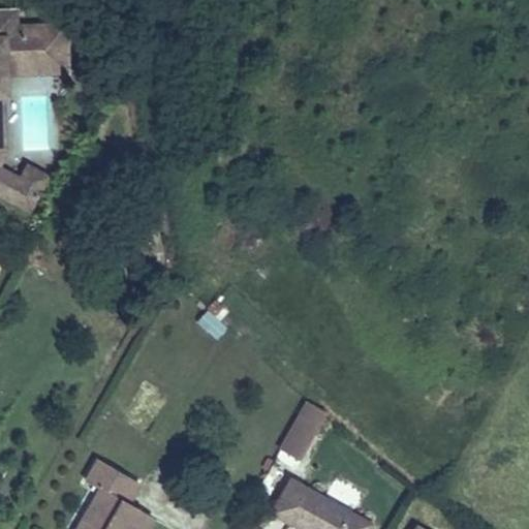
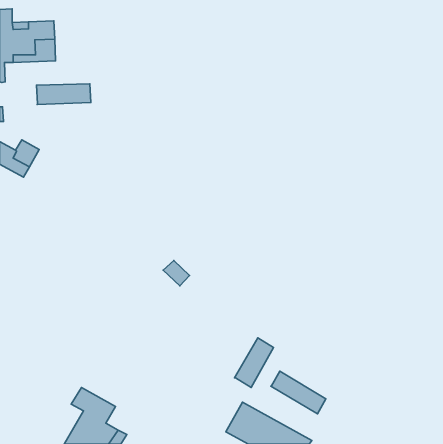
building: none -> [36,84,91,105]
building: none -> [271,371,326,414]

